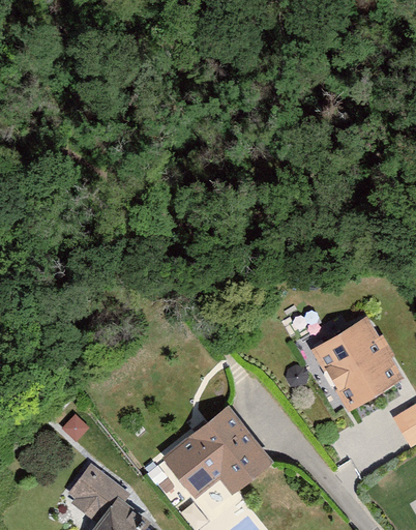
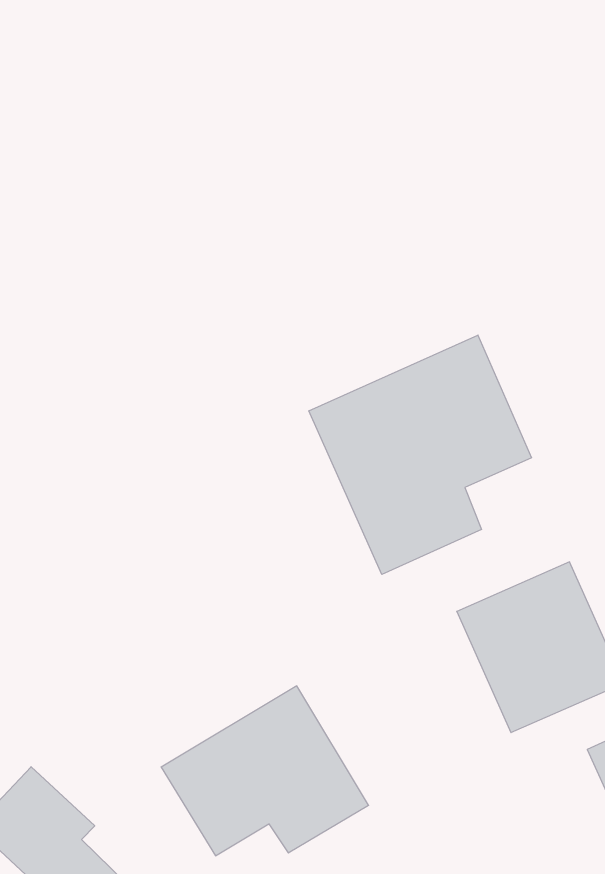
building: none -> [309,335,531,574]

